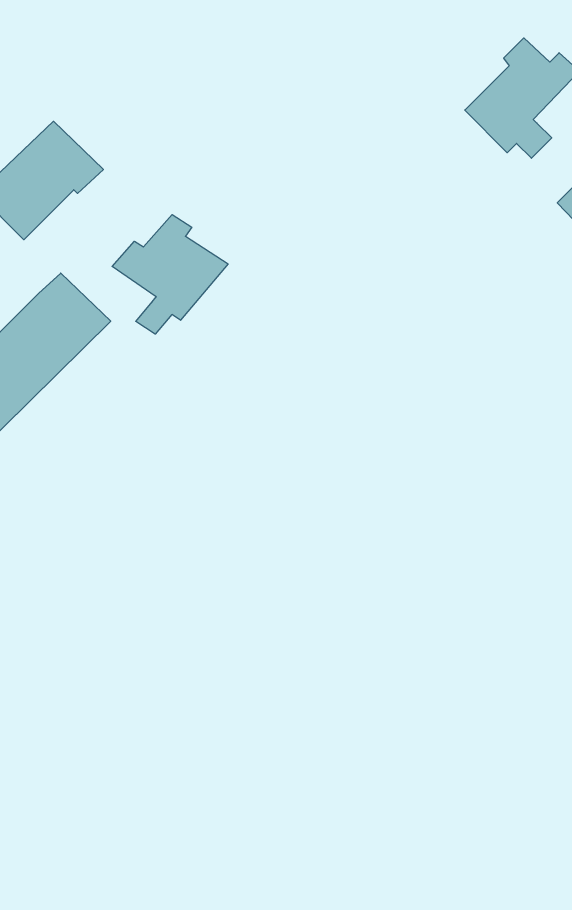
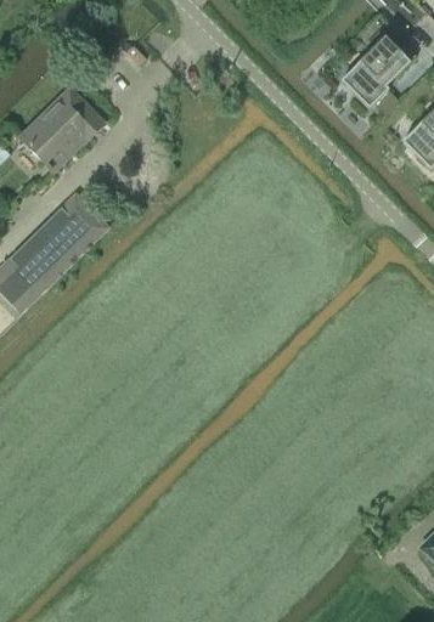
building: [112,215,228,334] -> none

